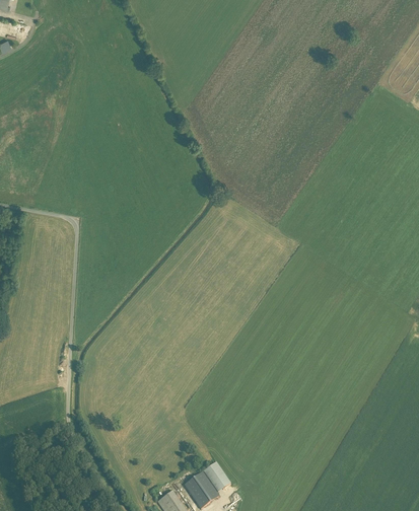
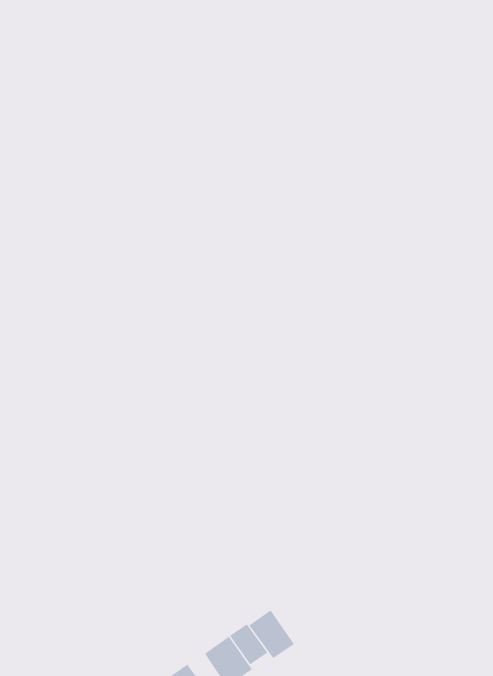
building: none -> [248,609,295,659]

